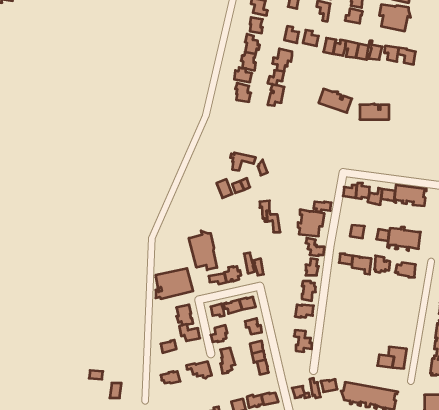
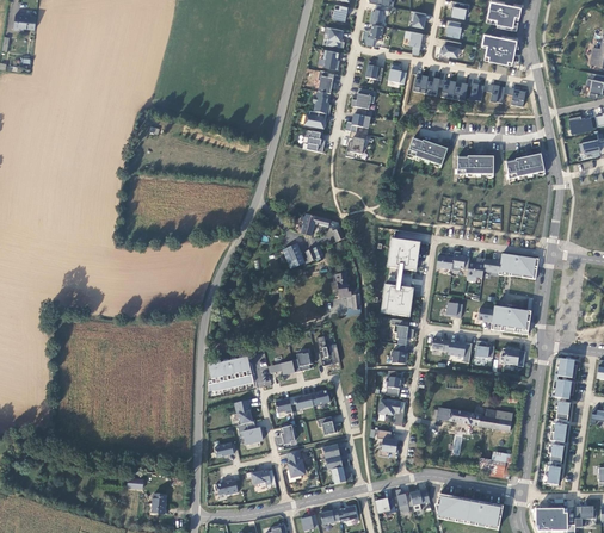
building: none -> [505,154,544,179]
building: none -> [389,238,420,271]
building: [189,231,217,270] -> none
building: none -> [436,408,512,432]

